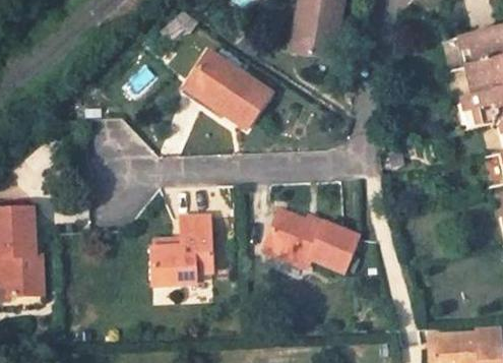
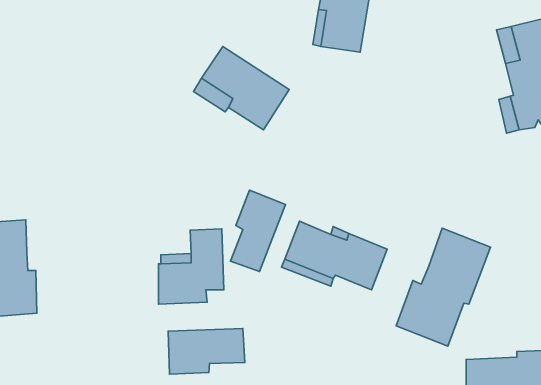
building: none -> [231,190,285,271]
building: none -> [396,228,491,346]
building: none -> [168,328,245,374]

